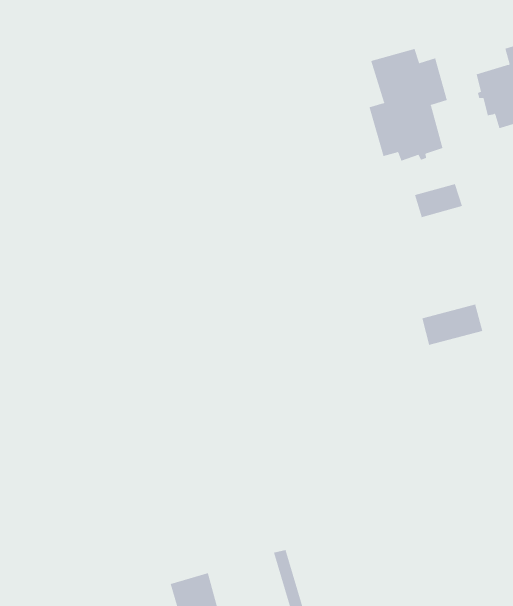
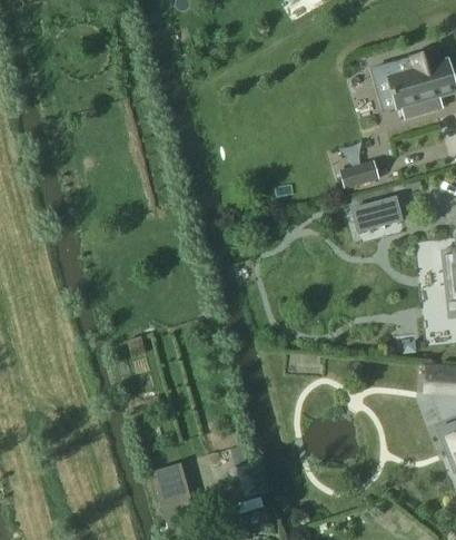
building: [369,48,447,162] -> none
building: [421,304,483,346] -> [351,197,399,229]

